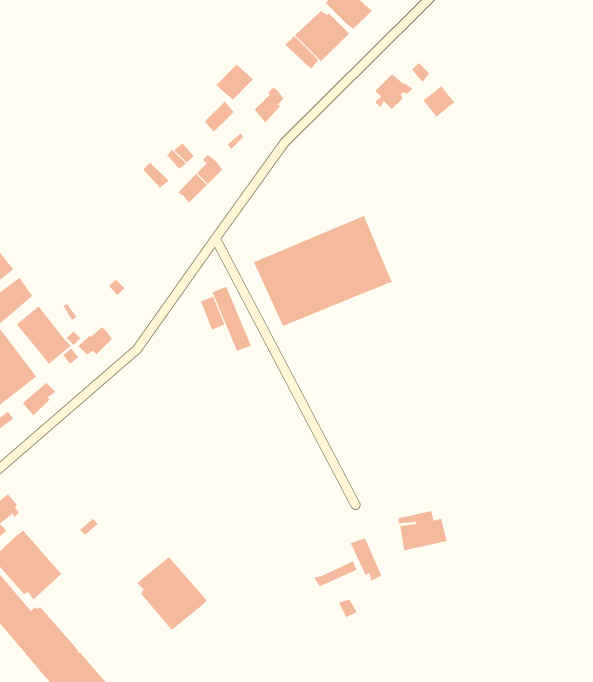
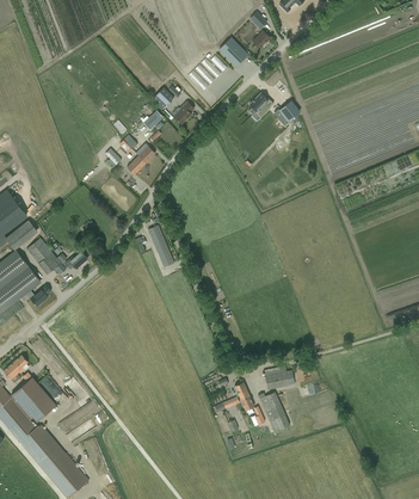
building: [253,215,393,327] -> none
building: none -> [259,392,289,432]
building: [136,556,207,631] -> none

